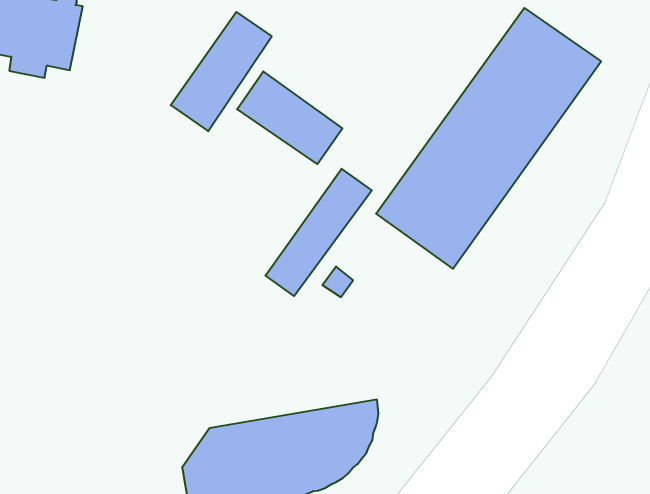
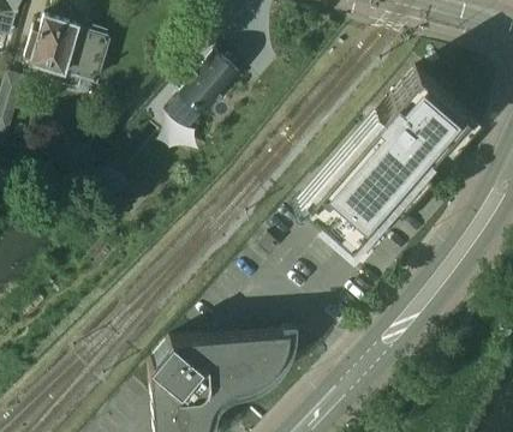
building: [237,71,342,164] -> none
building: [265,169,372,296] -> none

